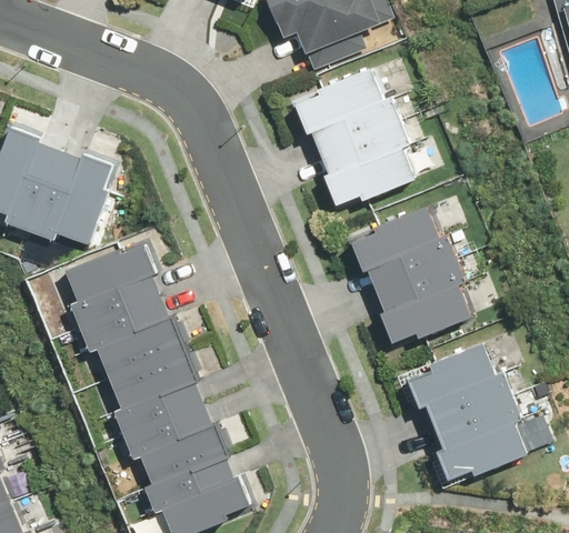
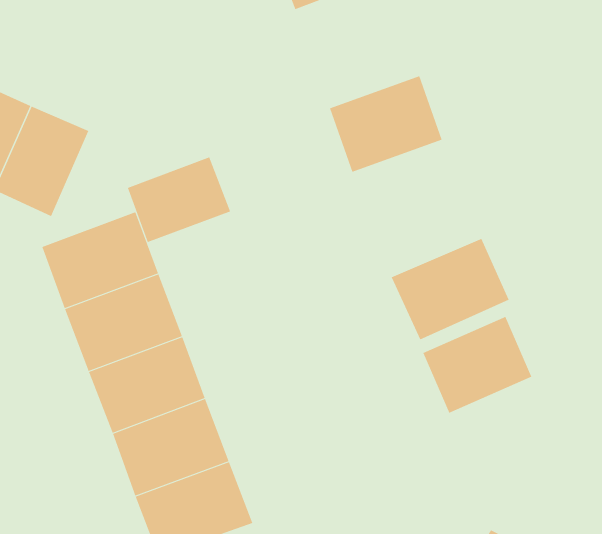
building: [298,66,399,150] -> none
building: none -> [127,156,231,243]
building: [349,209,453,299] -> none
building: [425,386,521,472] -> none

